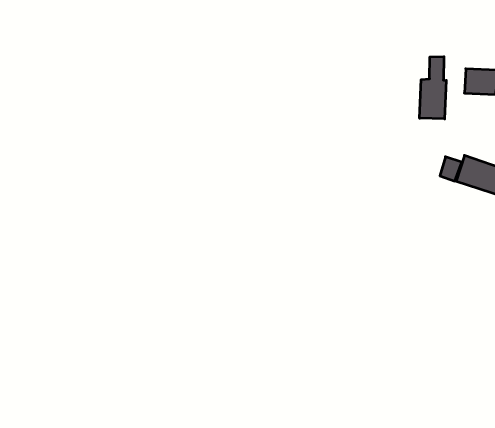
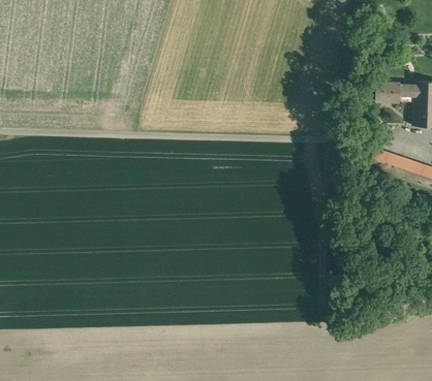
building: [420,57,446,119] -> none

